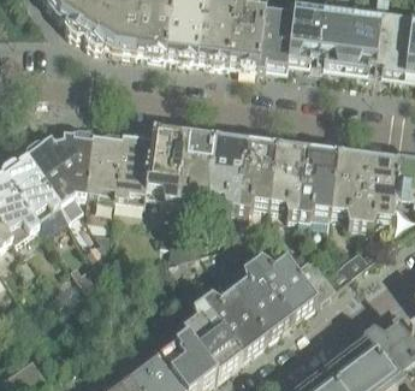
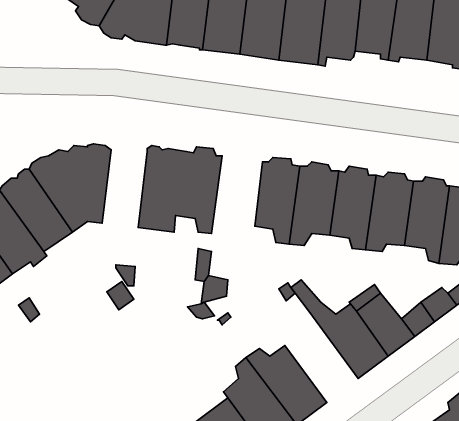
building: [84,132,120,197] -> none
building: [172,136,213,203] -> none
building: [231,265,290,338] -> none

